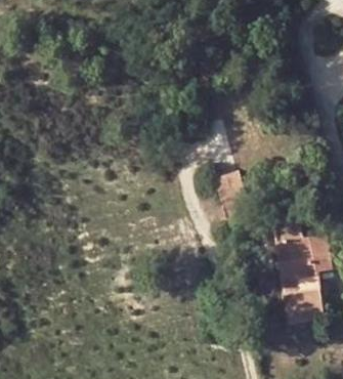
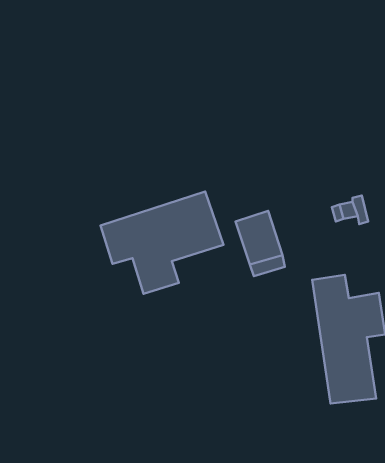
building: none -> [100,192,224,294]

